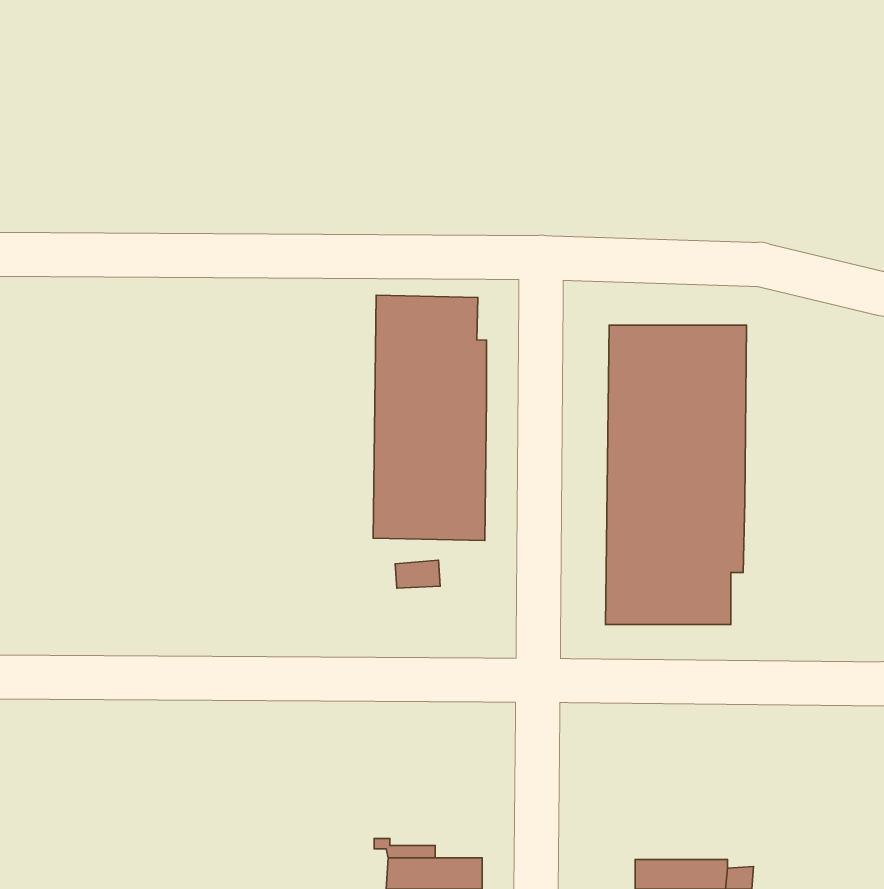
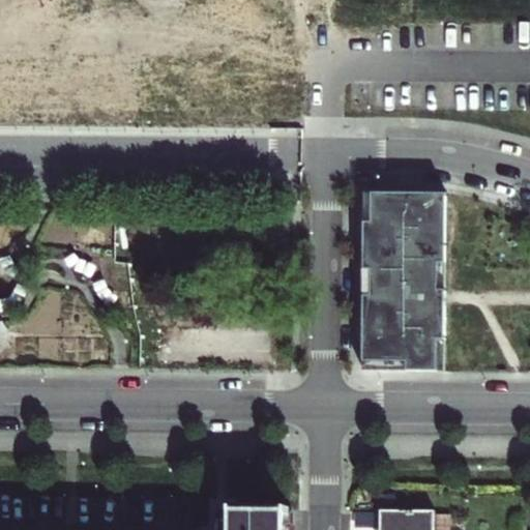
building: [373,295,487,541] -> none

